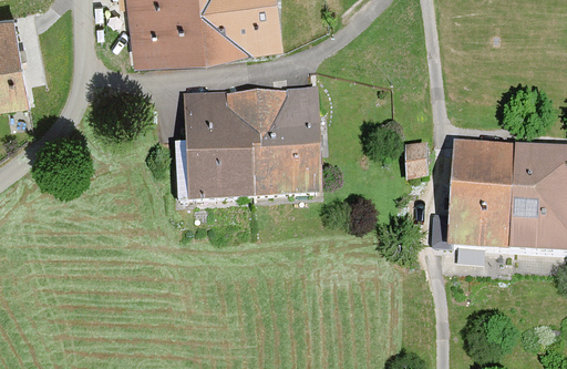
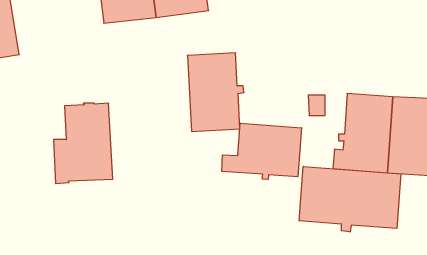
building: [176,98,254,203] -> [54,103,113,184]
building: none -> [222,123,302,179]
building: none -> [299,166,401,232]

